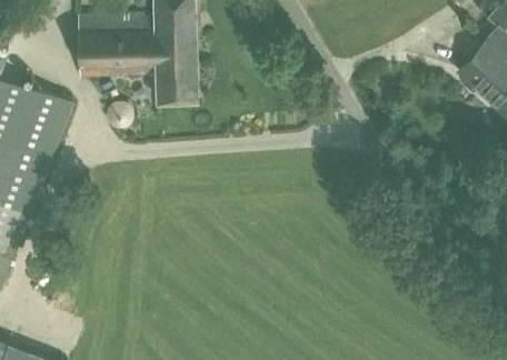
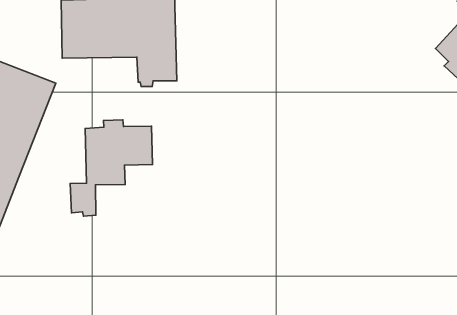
building: none -> [70,120,153,216]

